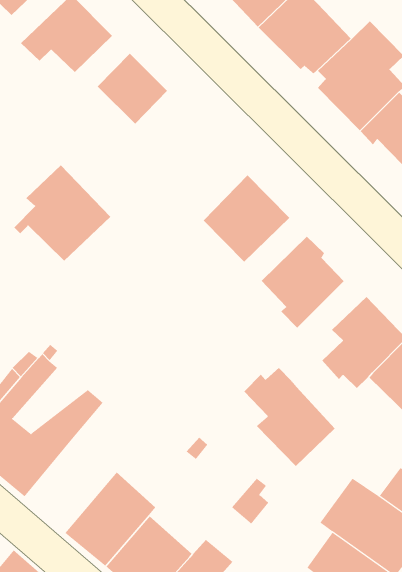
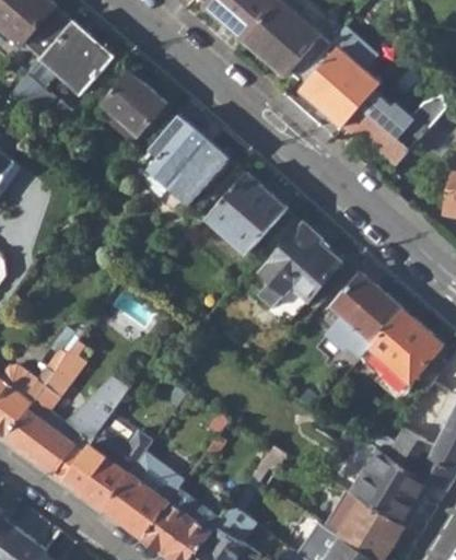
building: [13,165,111,262] -> [141,116,229,203]
building: [243,367,336,467] -> none
building: none -> [66,425,154,511]

